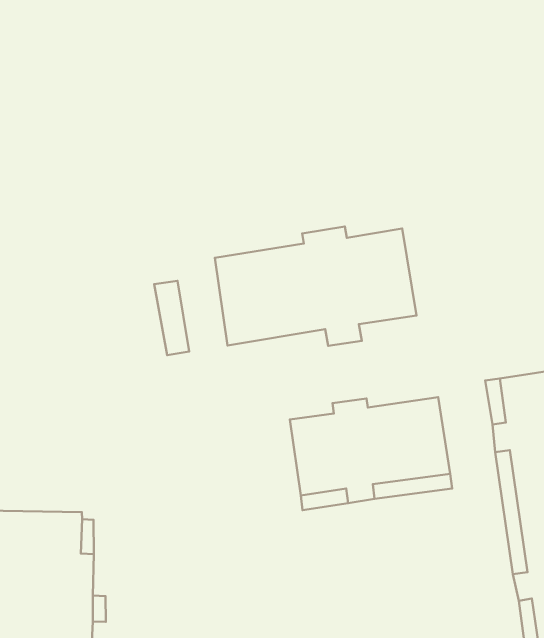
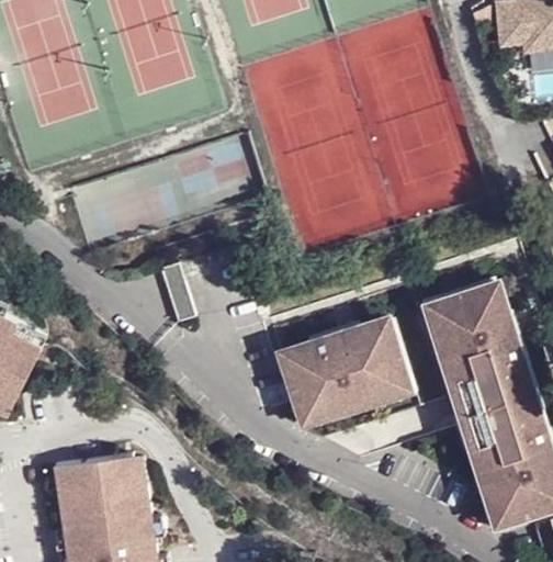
building: [215,226,416,346] -> none

